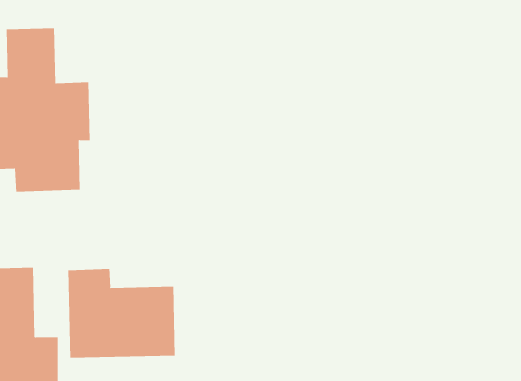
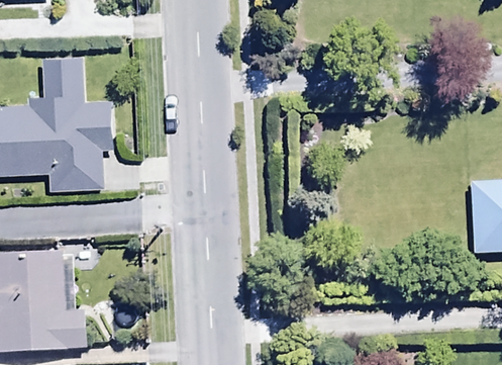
building: [68,268,175,359] -> none

